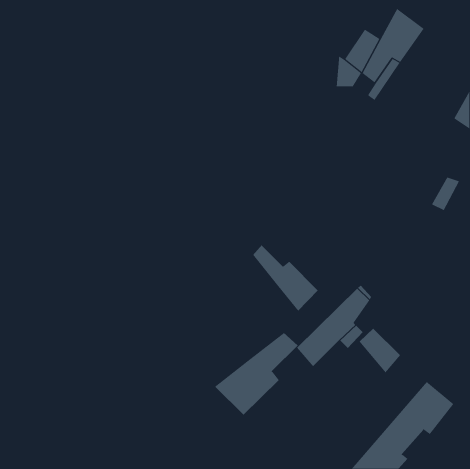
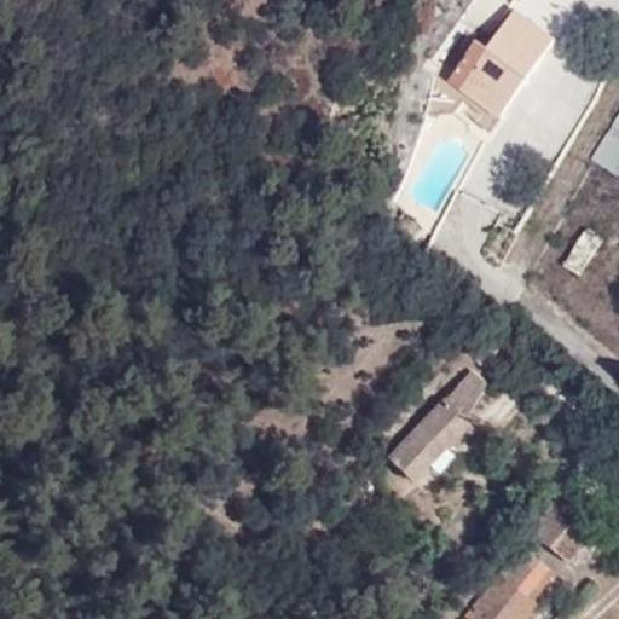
building: [252,244,318,311] -> none
building: [359,328,401,373] -> none
building: [214,332,298,415] -> none

